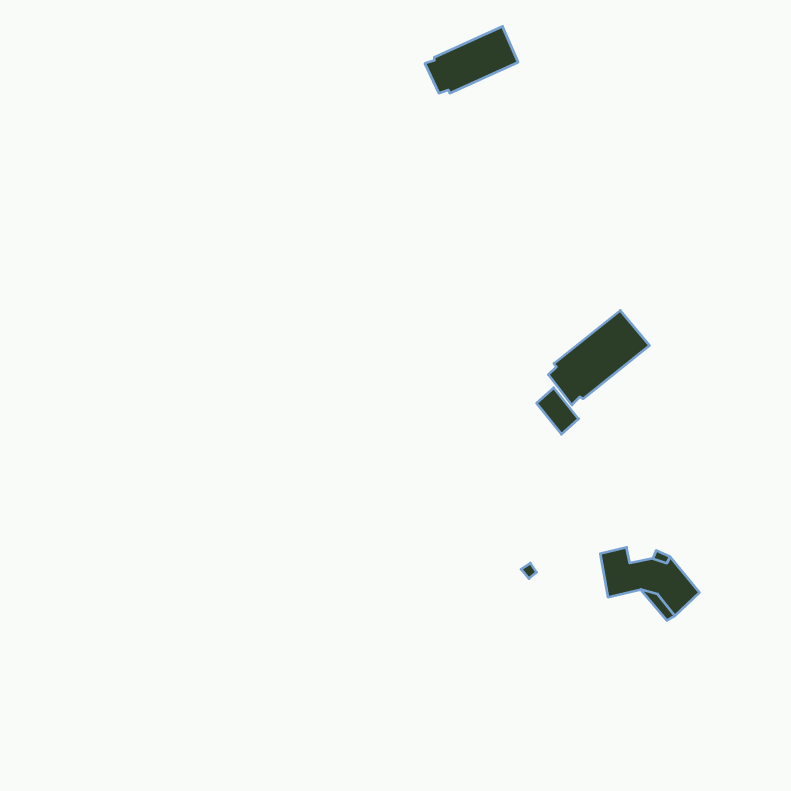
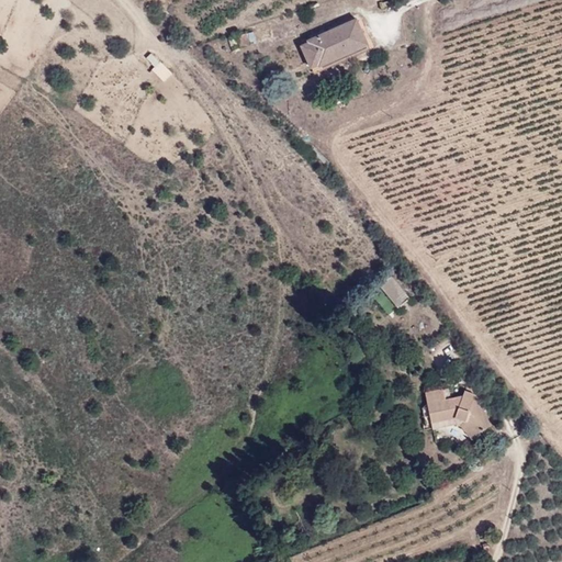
building: [548,310,649,405] -> none

